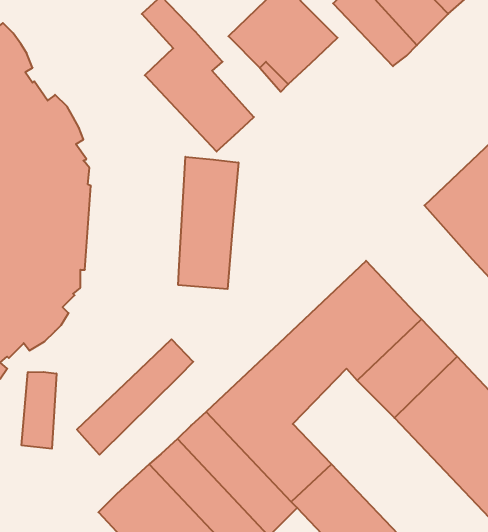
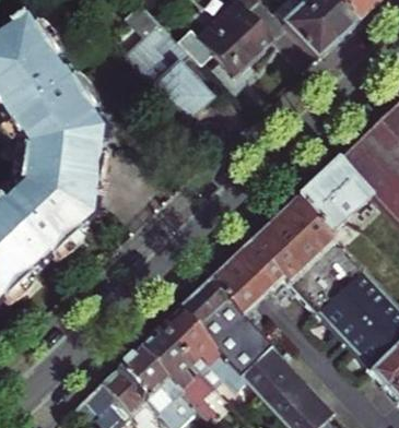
building: [178,157,238,289] -> none
building: none -> [297,158,375,237]
building: [77,339,193,455] -> none
building: [22,372,56,449] -> none

